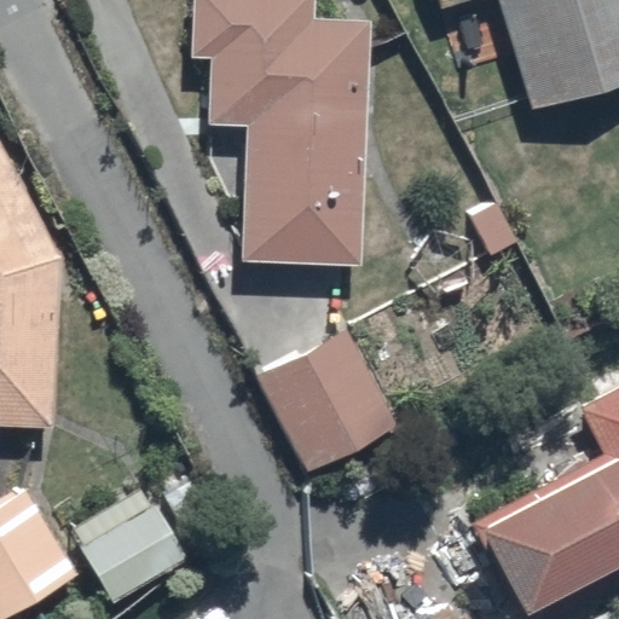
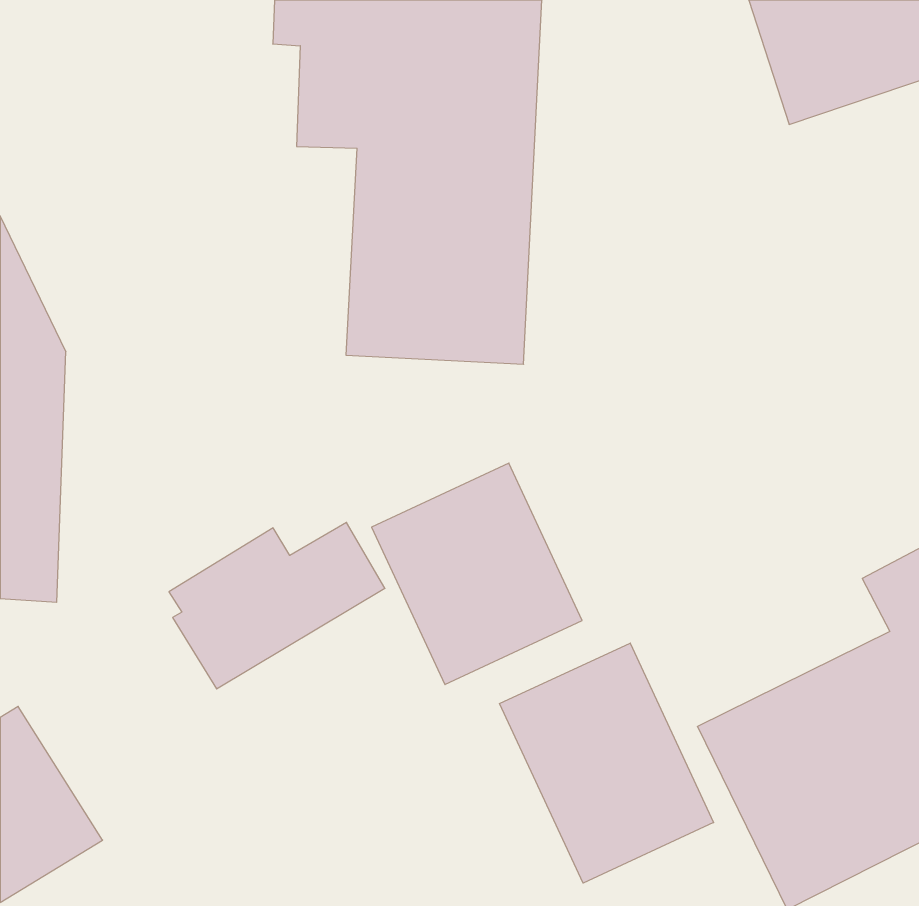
building: none -> [500,643,714,883]
building: [77,484,220,594] -> [169,522,385,689]

